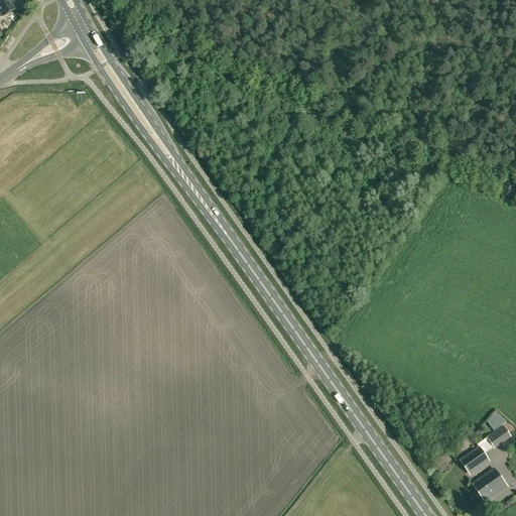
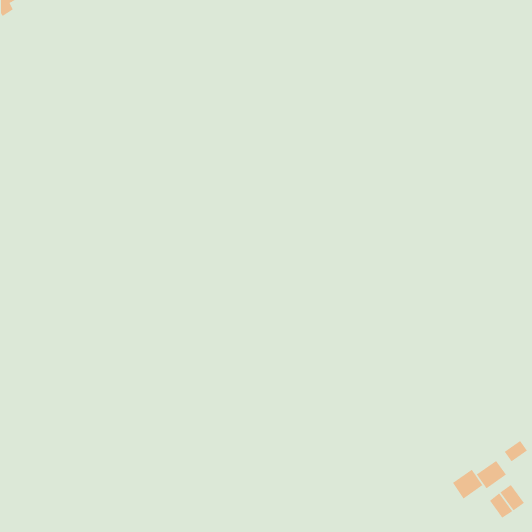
building: none -> [452,469,483,499]

